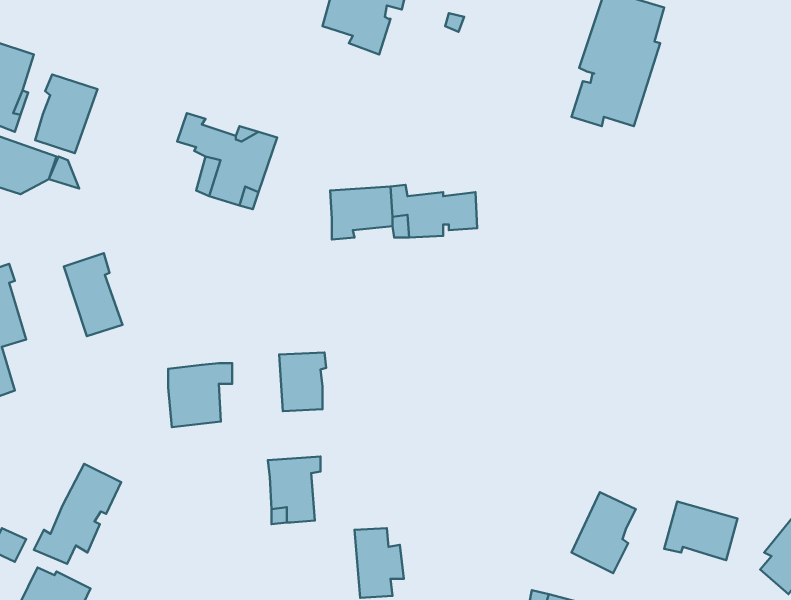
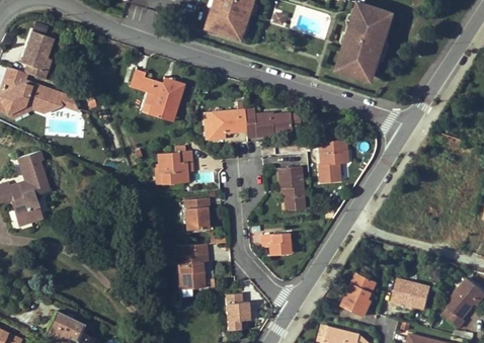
building: [35,74,97,153] -> none
building: none -> [318,140,347,183]
building: [64,253,122,336] -> none
building: none -> [277,166,304,205]
building: [168,363,232,427] -> [157,151,191,185]
building: none -> [260,234,290,256]
building: [34,464,121,564] -> none

